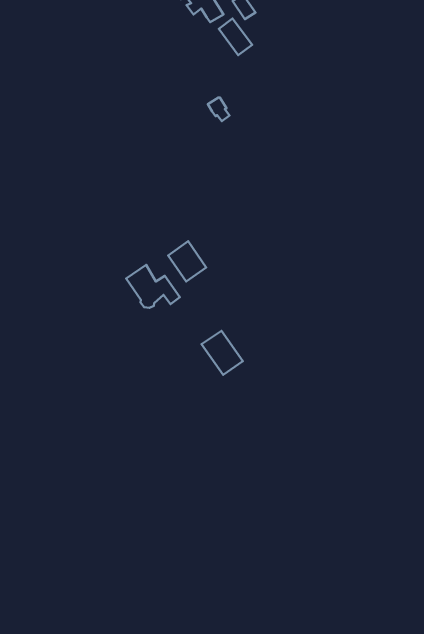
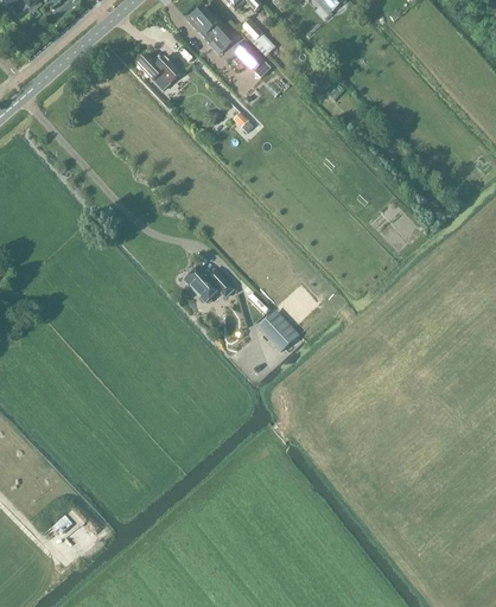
building: none -> [136,52,180,89]
building: [168,241,206,282] -> none

